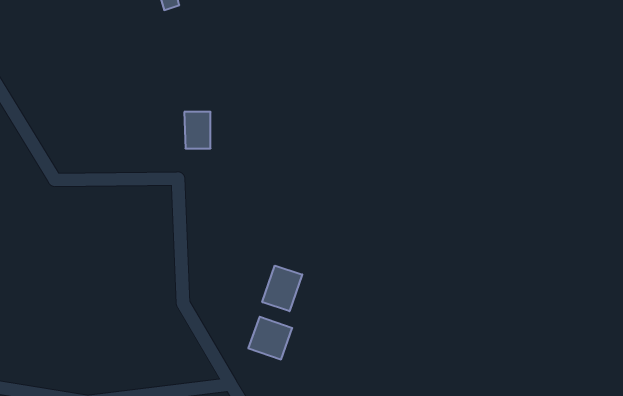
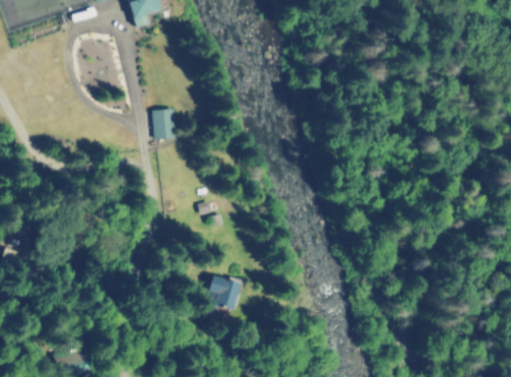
building: [262,266,302,311] -> none

